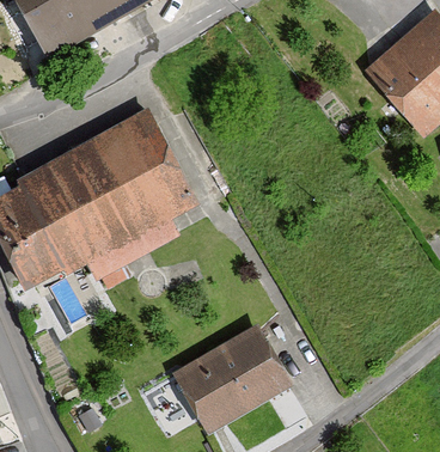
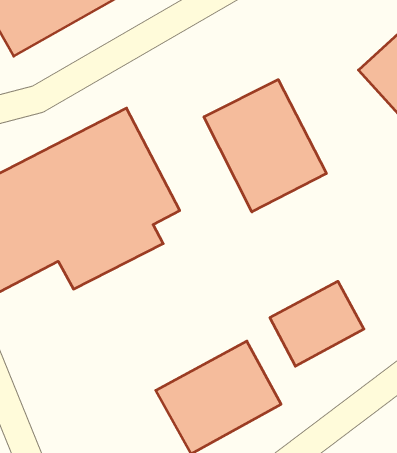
building: none -> [204,80,326,212]
building: none -> [270,281,364,366]

